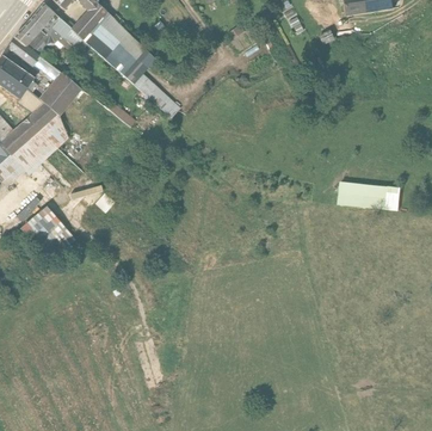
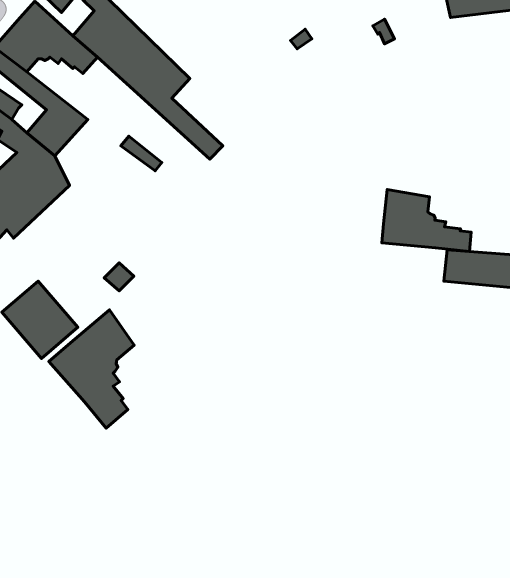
building: none -> [382,189,471,251]
building: none -> [49,310,134,428]

